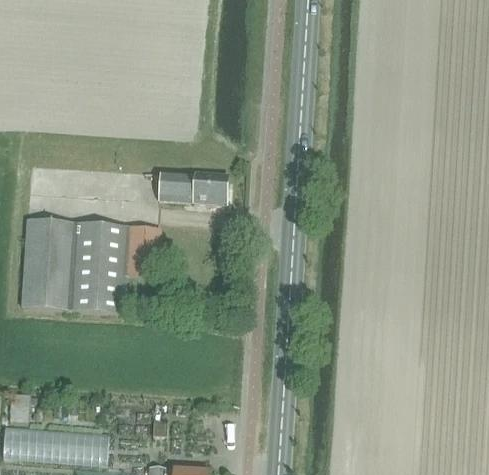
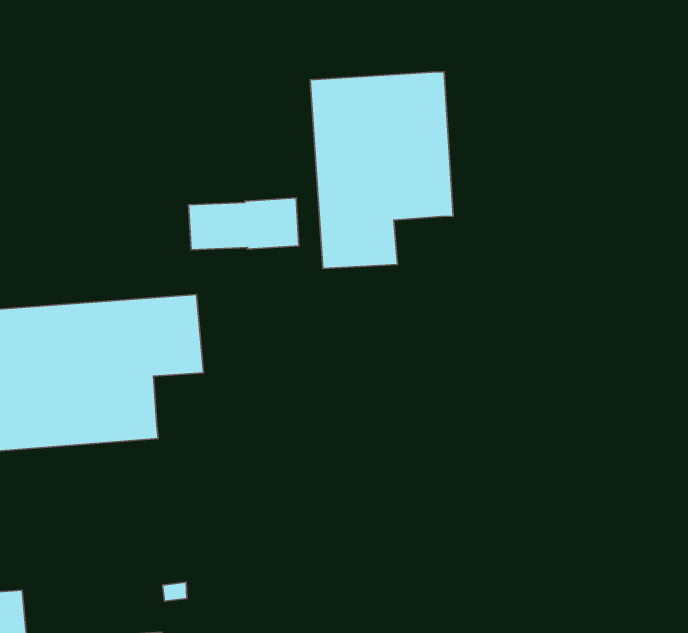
building: none -> [310,72,453,269]

